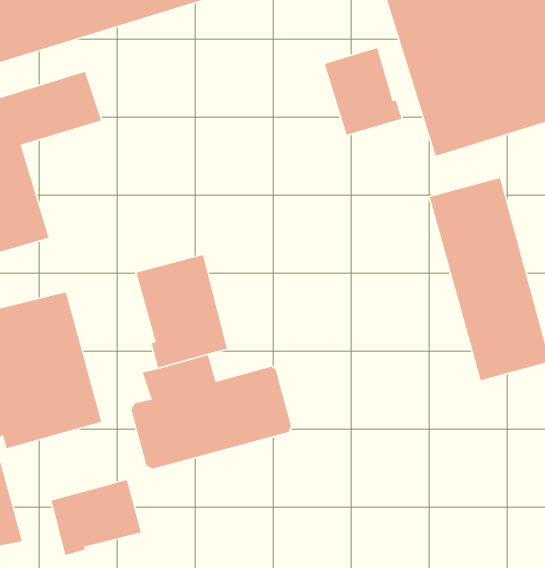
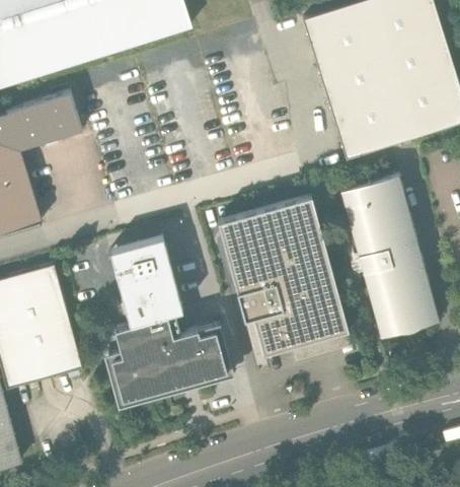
building: [324,47,403,136] -> none
building: none -> [217,195,353,365]
building: [51,479,142,556] -> none

